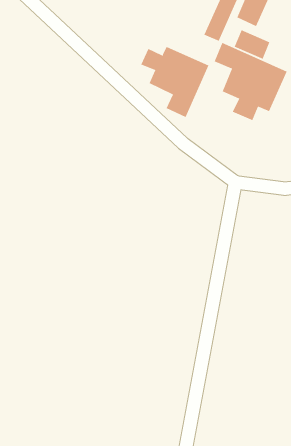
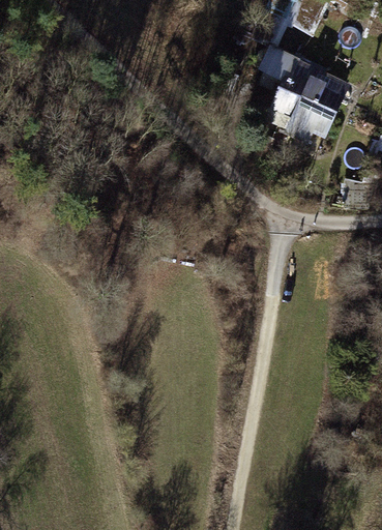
building: [141,46,209,118] -> none

